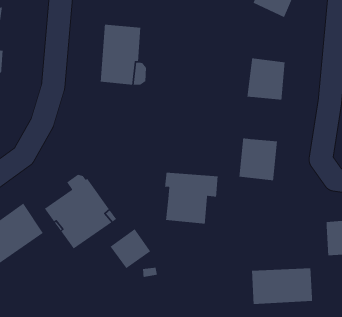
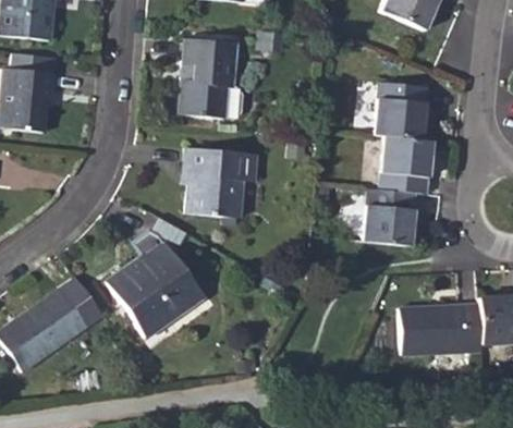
building: none -> [380,135,432,194]
building: [164,172,219,225] -> [185,148,257,218]
building: [110,228,151,269] -> none
building: [251,268,313,305] -> [400,304,481,353]

